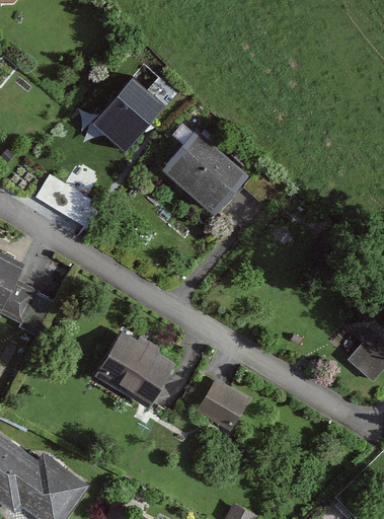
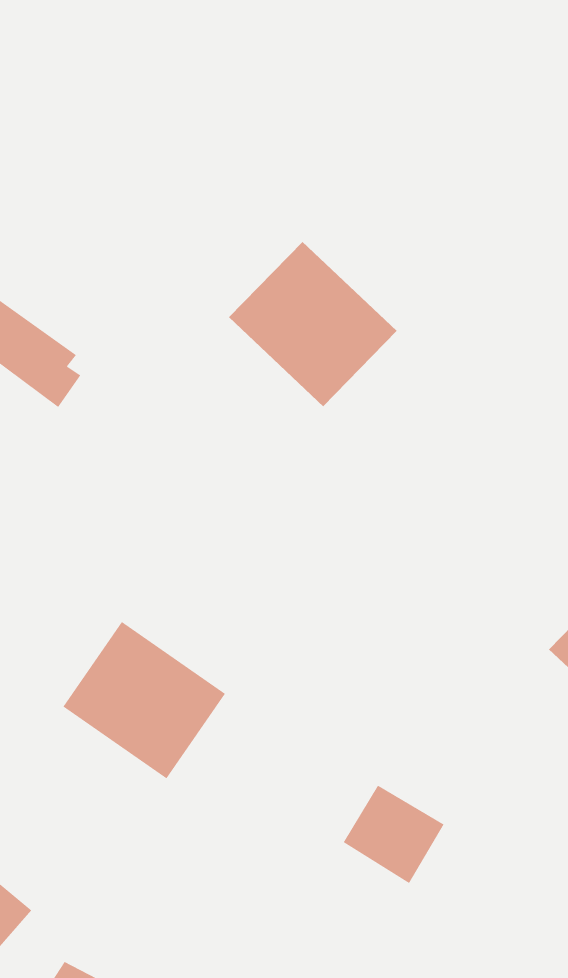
building: [90,78,162,152] -> none
building: [194,386,244,435] -> [343,785,444,884]

